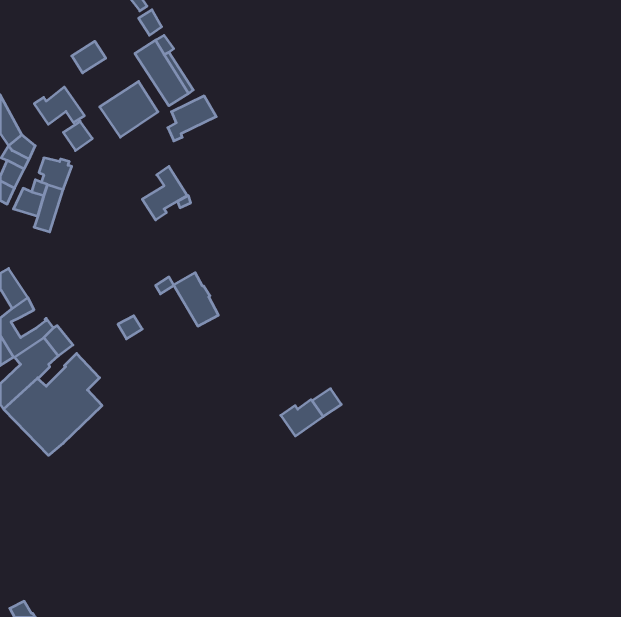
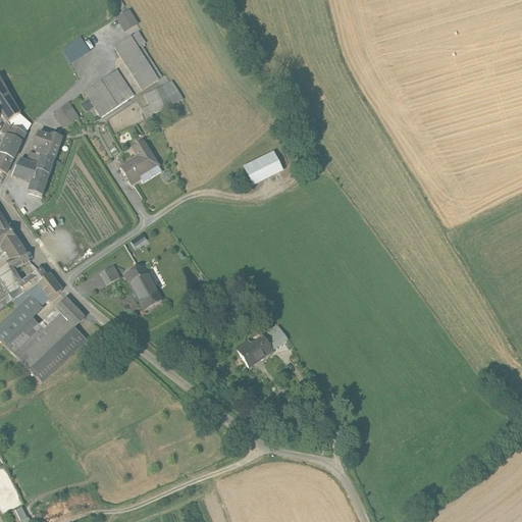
building: [34,87,84,124] -> none
building: none -> [241,150,281,185]
building: [173,273,218,326] -> [123,264,161,309]

